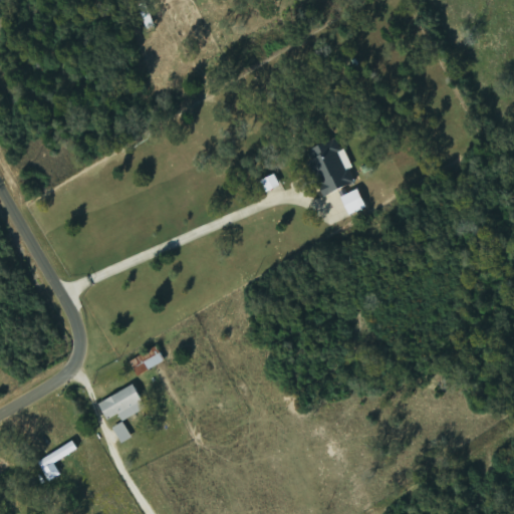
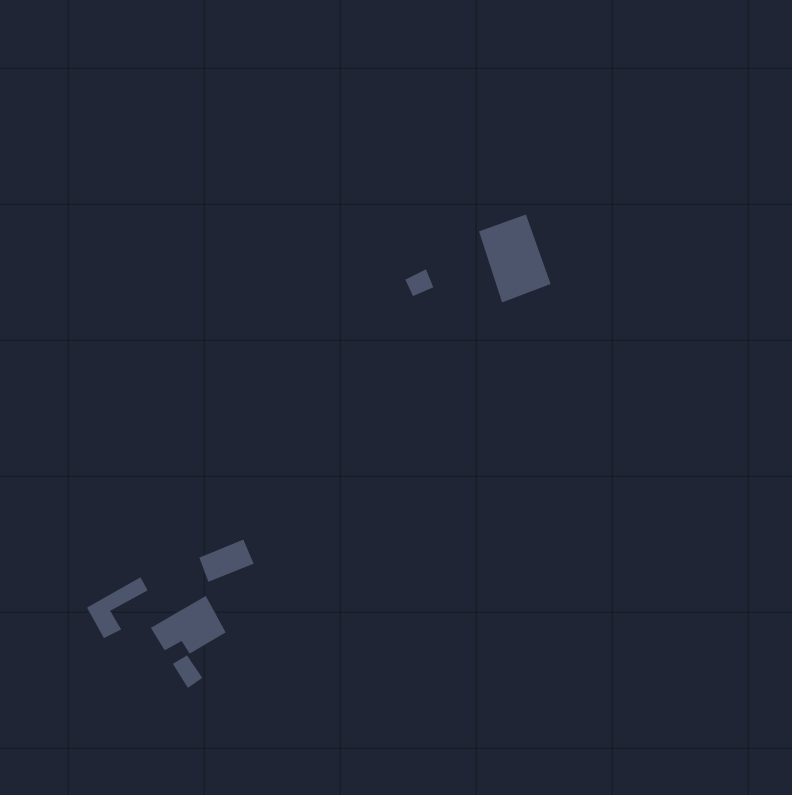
building: [340,189,365,213] -> none
building: [37,440,77,480] -> [86,576,149,639]

